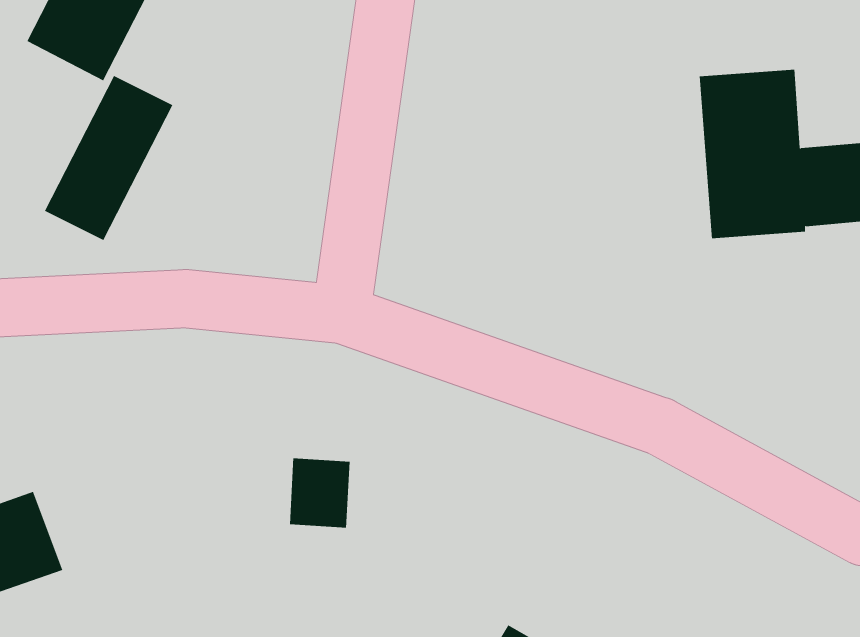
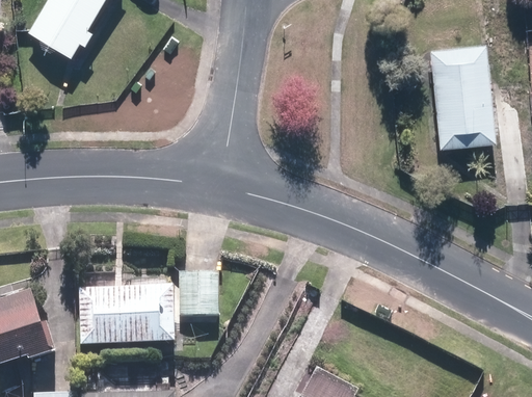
building: [44,75,173,241] -> none
building: none -> [80,284,176,345]

